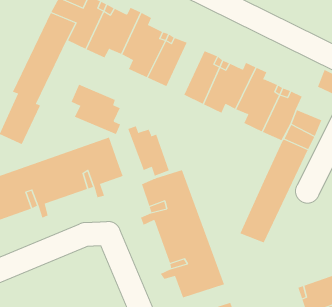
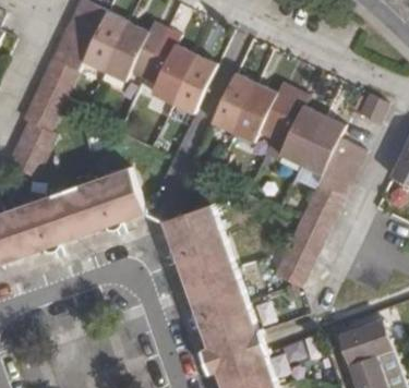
building: [71,84,121,135] -> none
building: [128,125,169,176] -> none

